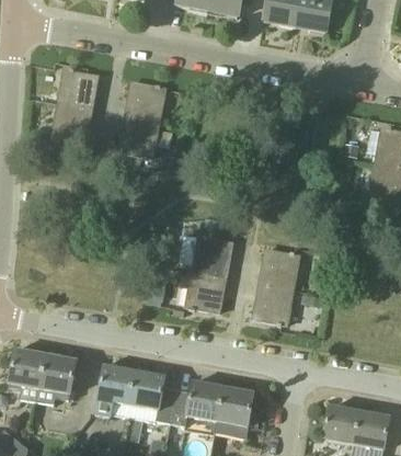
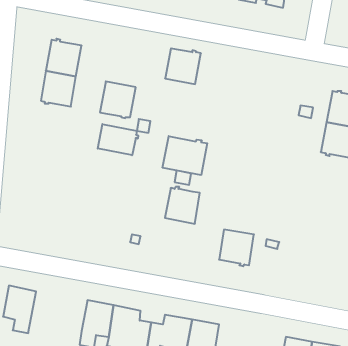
building: [125,81,165,122] -> [165,48,201,84]
building: none -> [98,124,138,155]
building: none -> [163,136,207,175]
building: [259,248,299,288] -> none
building: [185,270,226,310] -> none
building: [37,353,77,402] -> none

